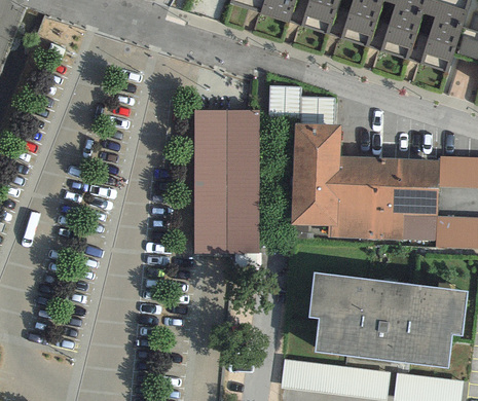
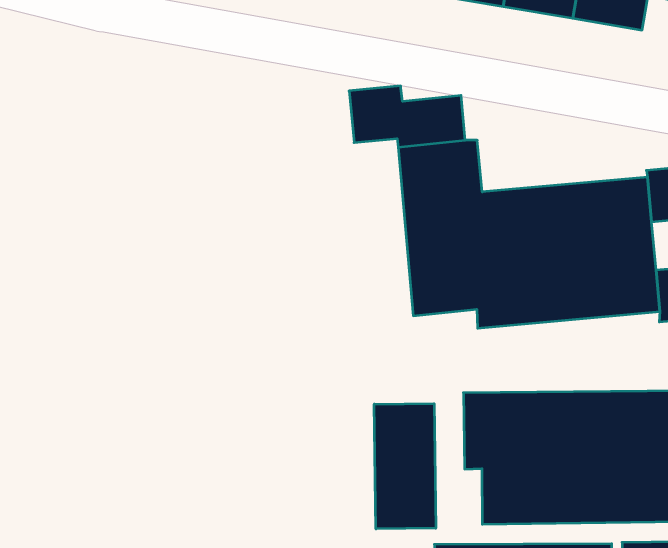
building: [194,110,259,253] -> none
building: none -> [374,404,436,529]

